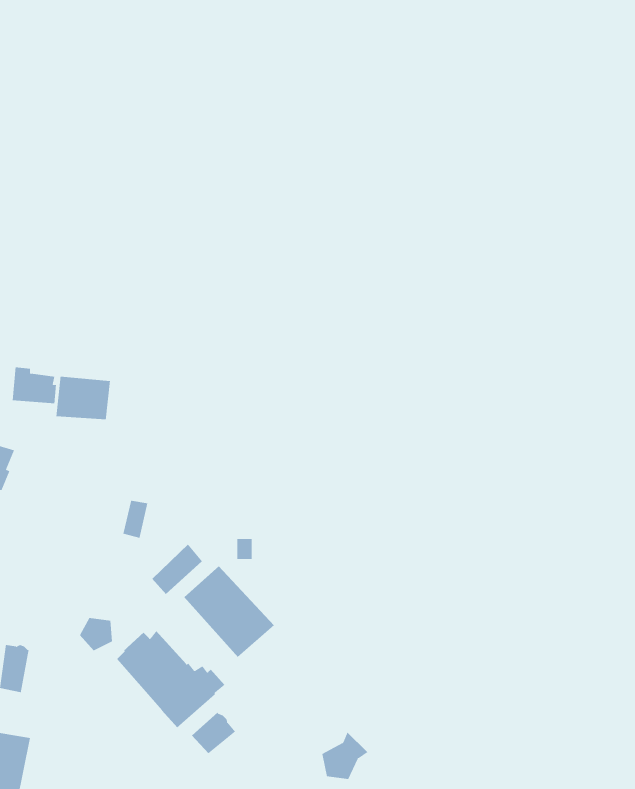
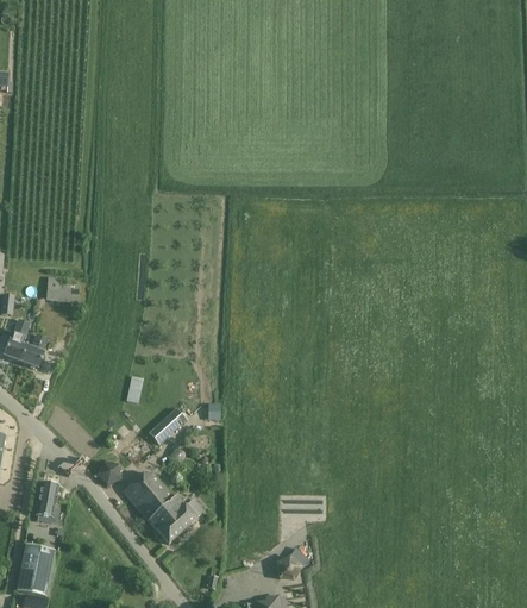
building: [56,376,110,420] -> none
building: [183,566,275,658] -> none
building: [191,712,236,754] -> none

